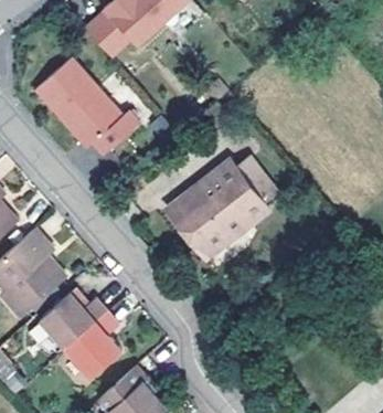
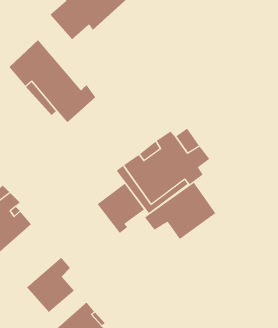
building: none -> [144,182,216,240]
building: none -> [97,183,145,234]
building: [33,294,102,350] -> none

